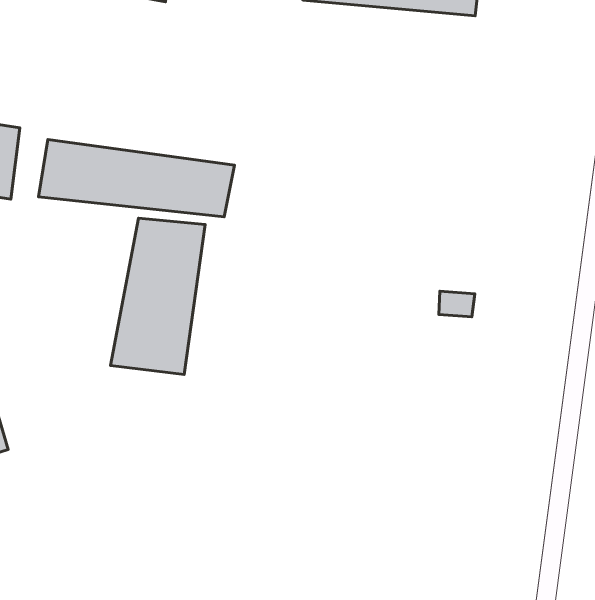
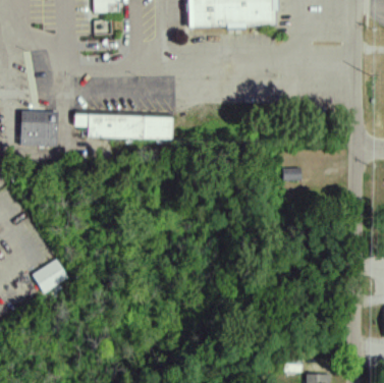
building: [111,218,205,375] -> none

